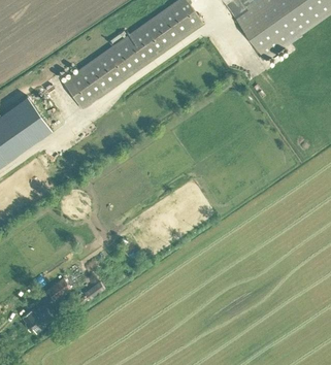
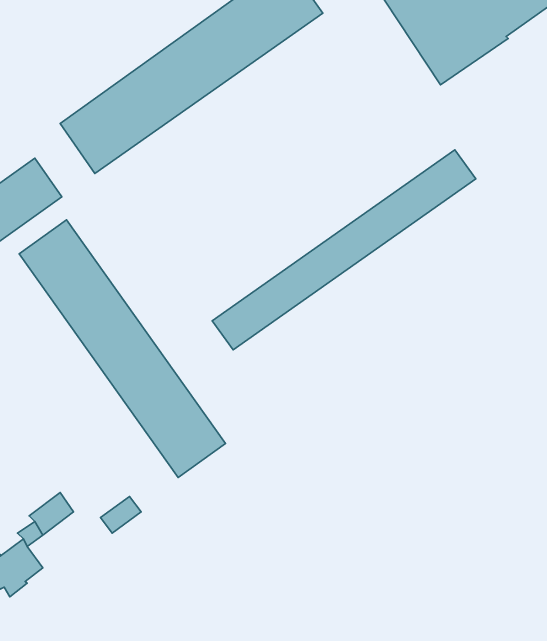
building: none -> [212,150,476,350]
building: none -> [19,220,225,477]

